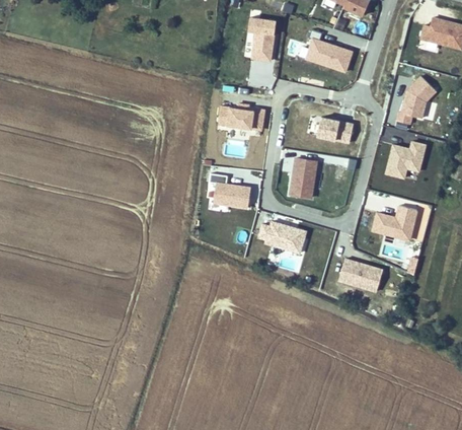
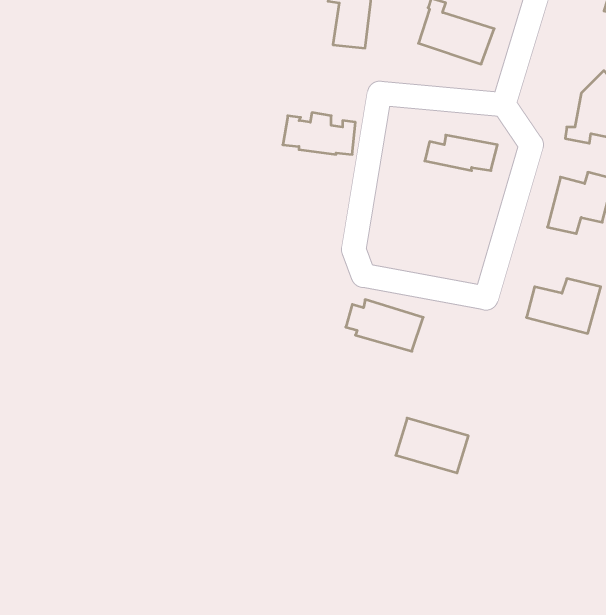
building: [289,158,317,199] -> none
building: [210,174,250,207] -> none
building: [338,259,384,293] -> [396,418,468,473]

